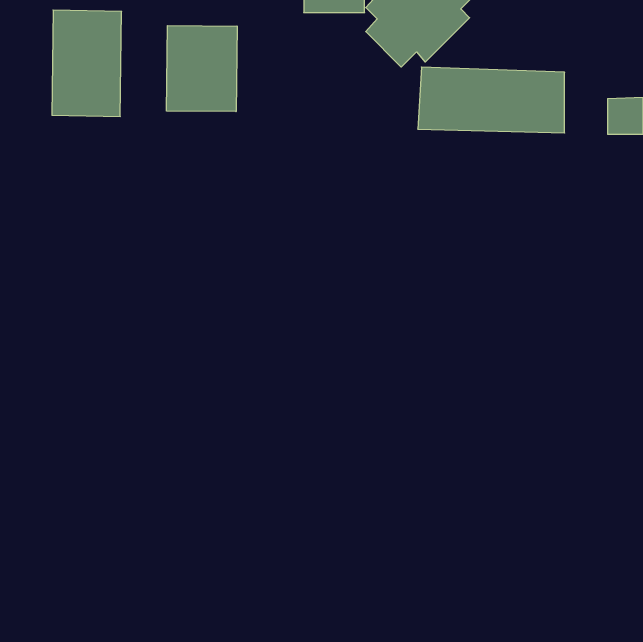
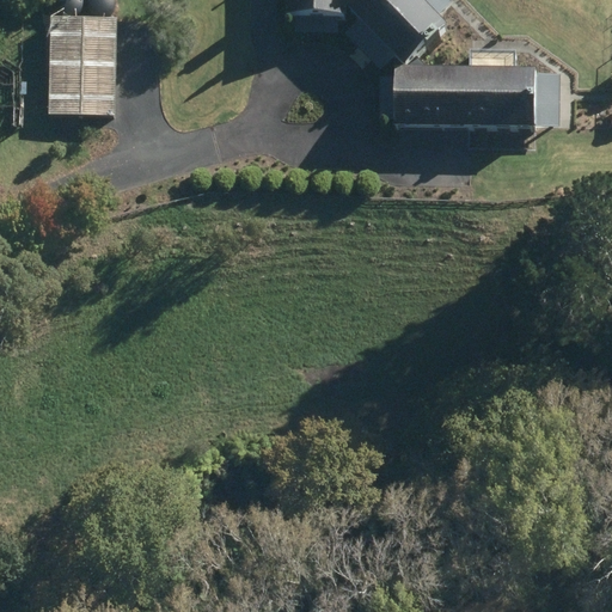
building: [167,26,237,112] -> none

